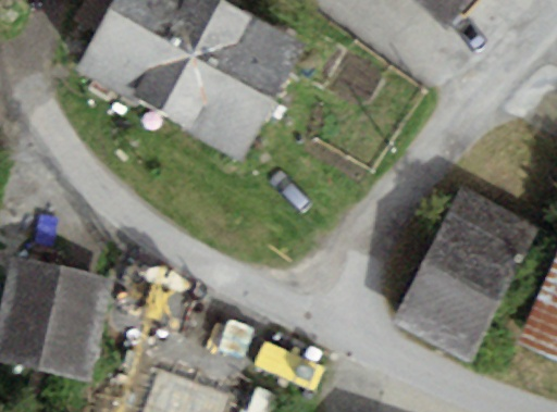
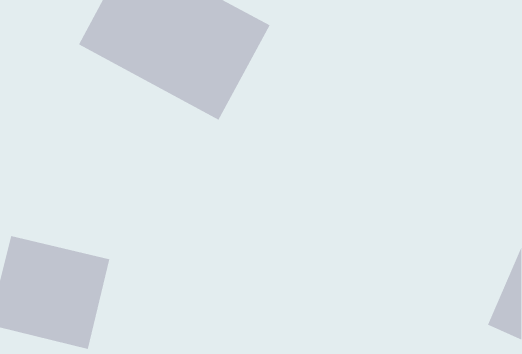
building: [399,192,527,346] -> none

